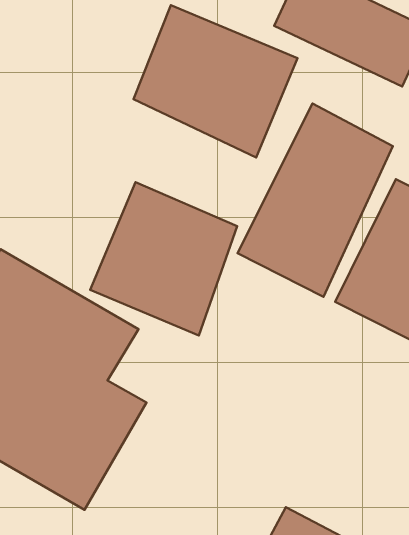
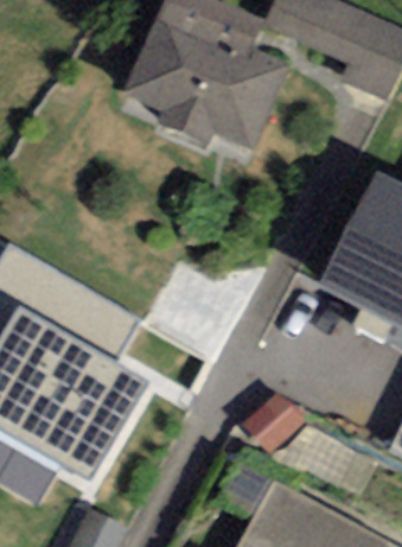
building: [237,103,393,297] -> none
building: [90,182,237,336] -> none

